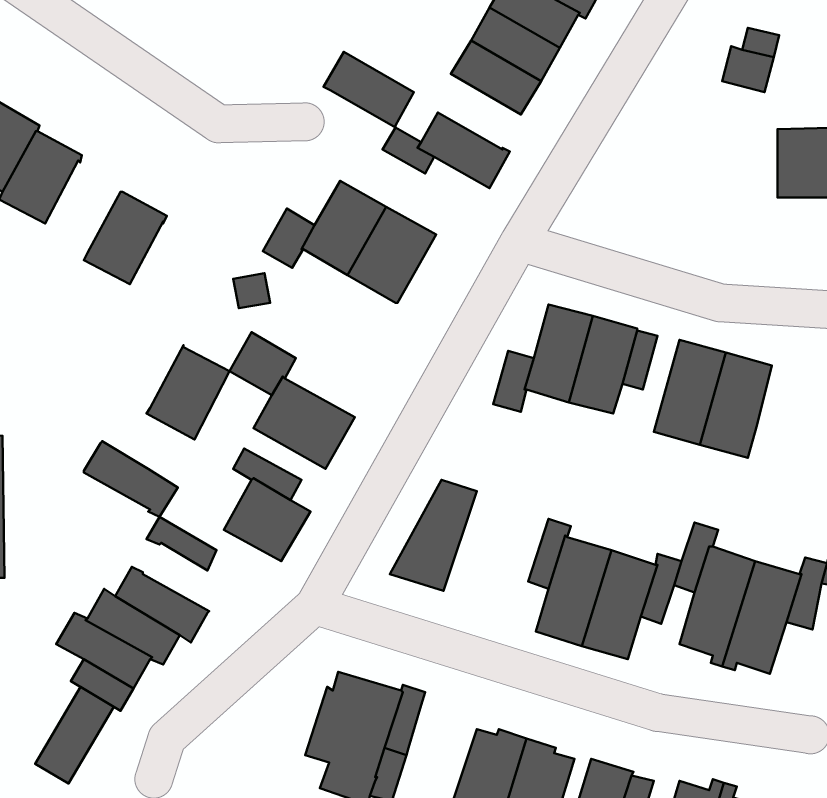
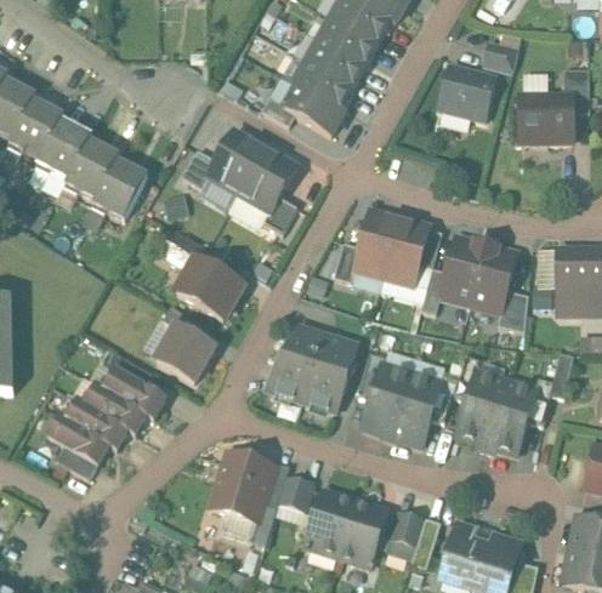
building: [324,52,414,127] -> [291,61,351,110]
building: none -> [437,67,495,120]
building: none -> [35,118,90,178]
building: none -> [261,196,297,234]
building: [146,345,229,439] -> [91,158,146,219]
building: none -> [498,291,527,331]
building: [84,441,178,517] -> [102,369,164,418]
building: none -> [300,335,356,411]
building: [35,687,114,784] -> none
building: none -> [277,475,313,512]

